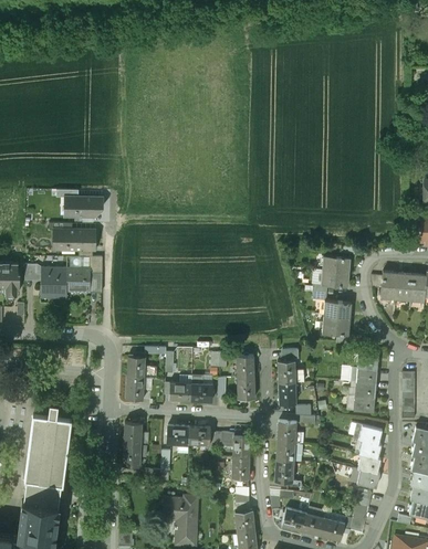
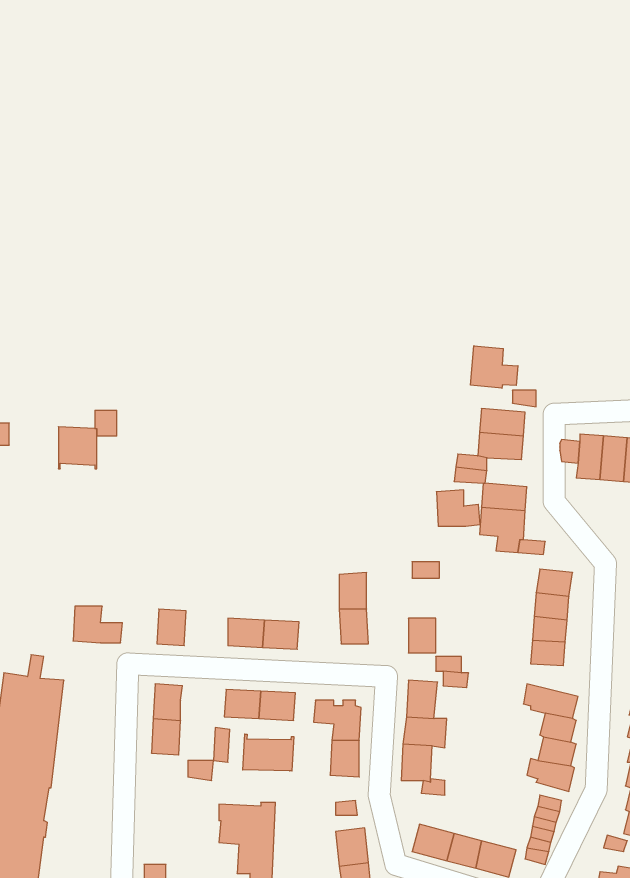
building: [66,198,102,218] -> none
building: none -> [471,346,518,388]
building: [55,231,96,251] -> none
building: [40,267,66,296] -> none
building: [127,357,157,379] -> [73,606,122,643]
building: [278,361,304,383] -> [436,490,480,526]
building: none -> [243,734,294,771]

